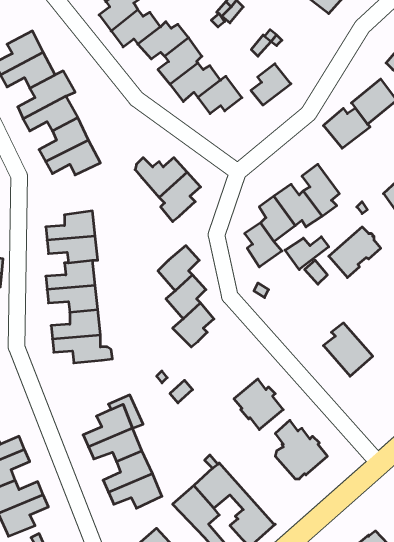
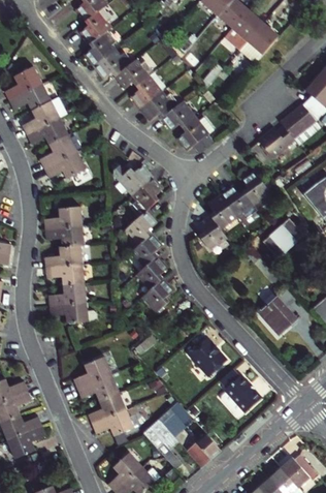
building: [251,64,291,105] -> [176,118,207,150]
building: none -> [125,210,157,244]
building: [285,237,329,270] -> none

